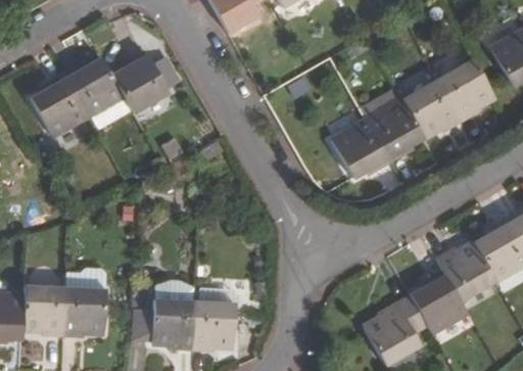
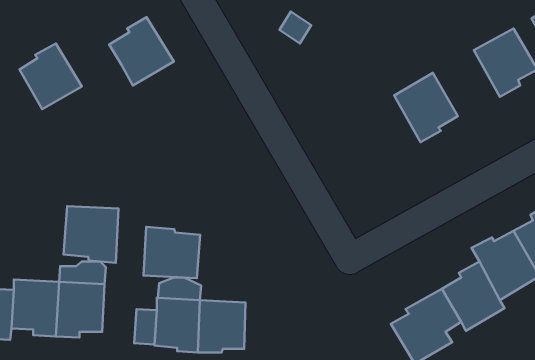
building: [62,56,122,112] -> none
building: [401,80,462,139] -> none
building: [332,121,390,179] -> none
building: none -> [64,206,119,263]
building: none -> [144,227,200,278]

